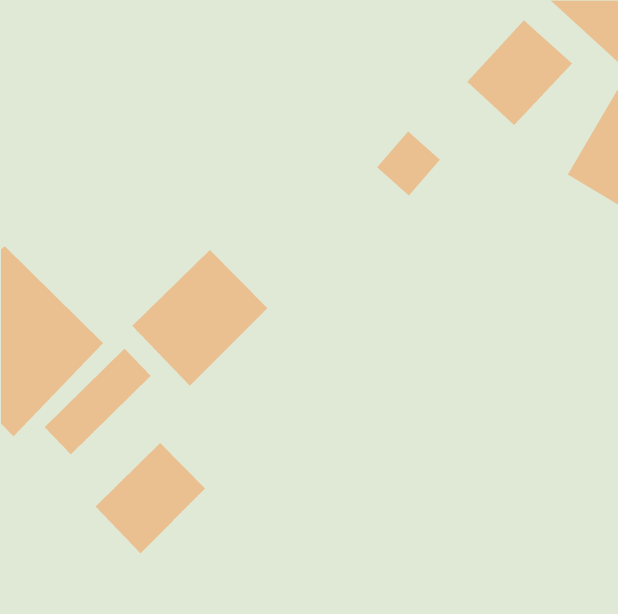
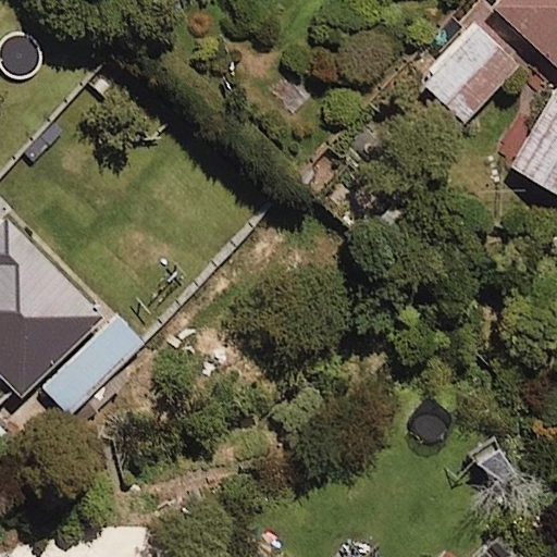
building: [132,249,268,387] -> none
building: [95,442,206,554] -> none

